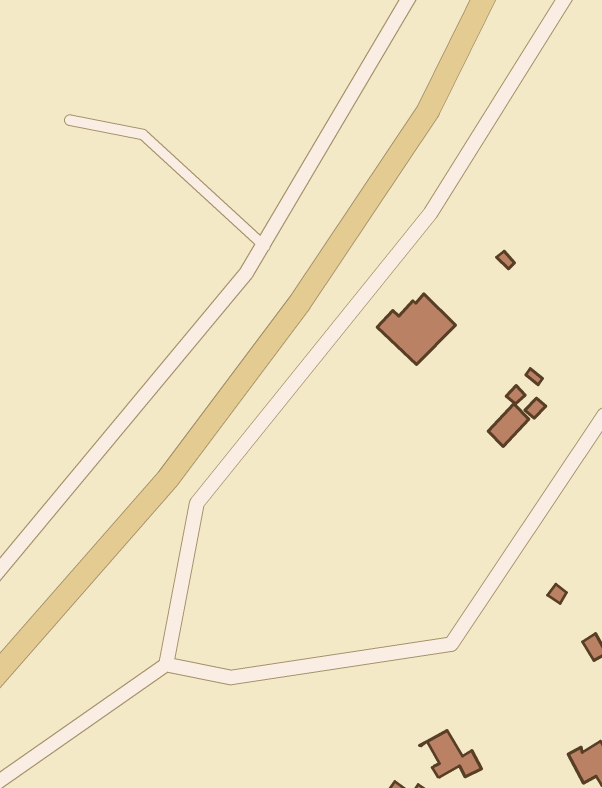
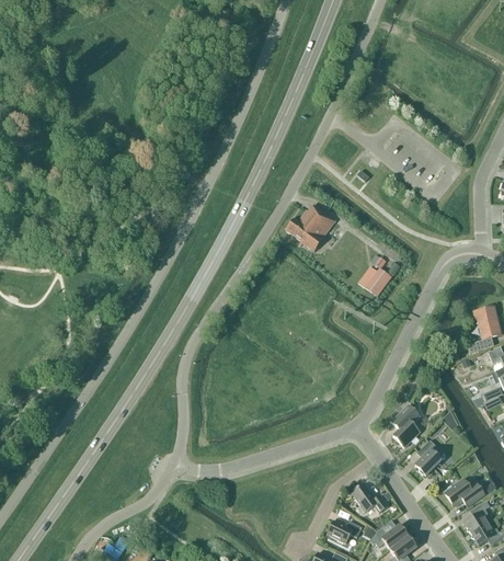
building: none -> [391,404,420,447]
building: none -> [414,439,440,476]

